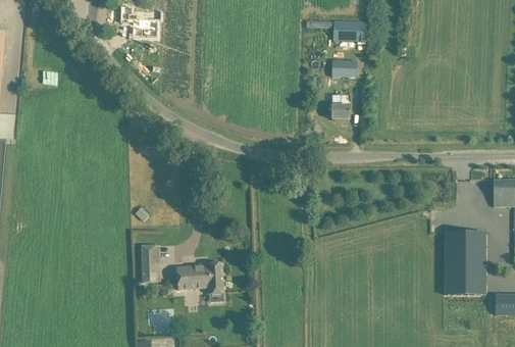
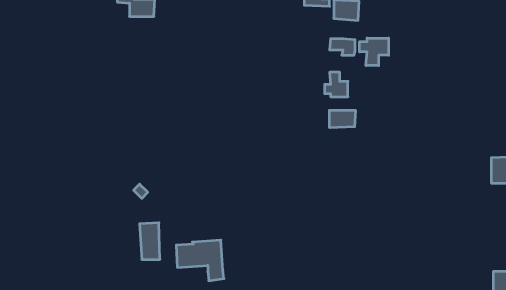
building: none -> [360,38,389,66]
building: none -> [329,110,355,128]
building: [445,232,486,295] -> none

